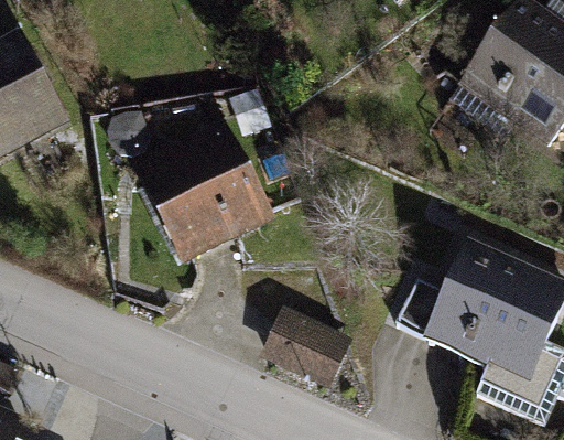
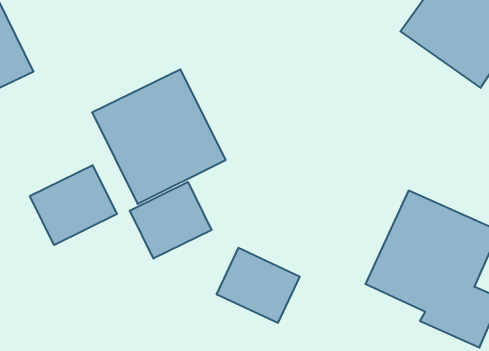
building: none -> [30,165,117,245]
building: none -> [130,182,212,259]

